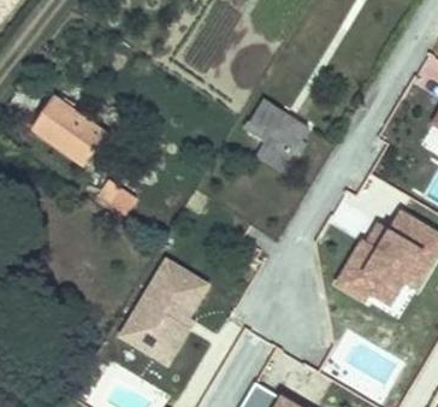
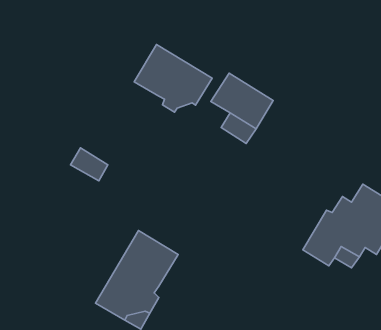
building: none -> [134,45,212,112]
building: [30,90,103,158] -> none

